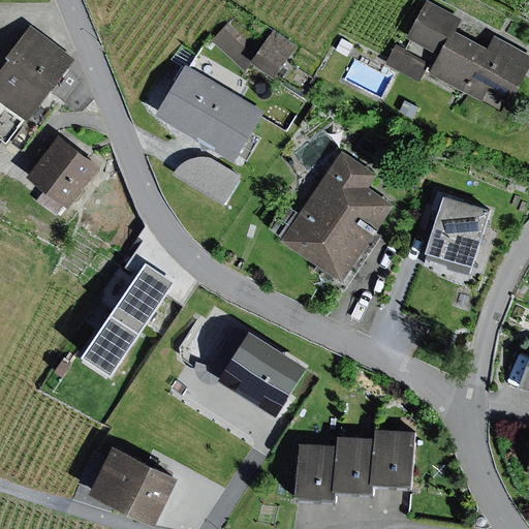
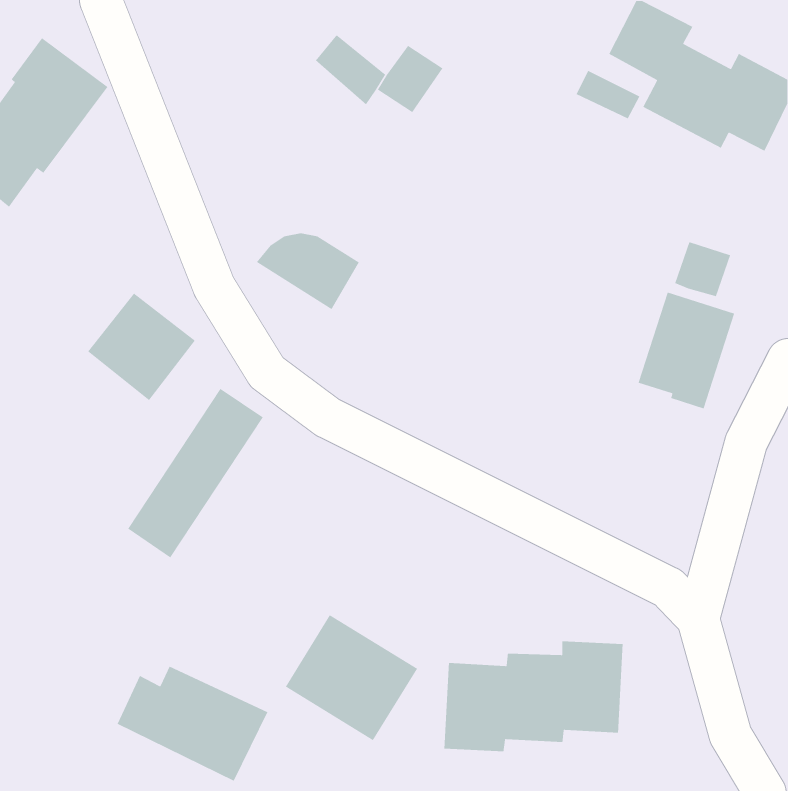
building: [155,65,263,160] -> none
building: [28,134,100,207] -> [87,293,196,401]
building: [282,151,393,279] -> none
building: none -> [674,241,731,297]
building: [219,330,308,414] -> [285,614,418,741]

